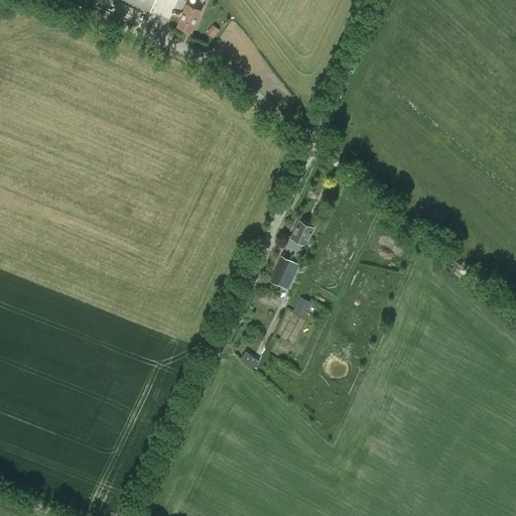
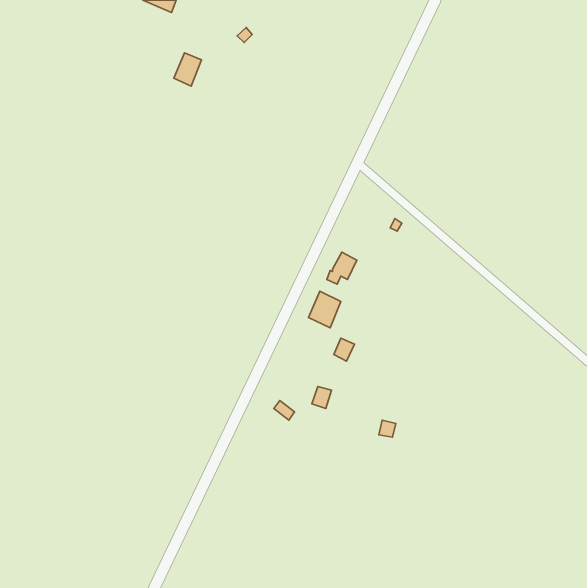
building: [176,4,201,33] -> [174,53,202,86]

